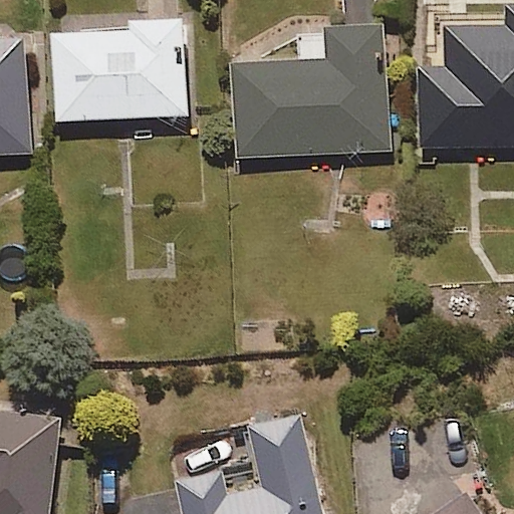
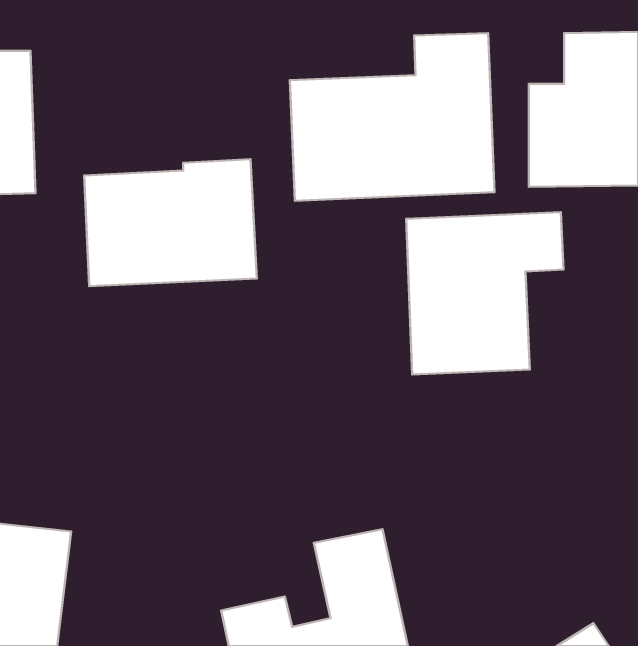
building: [52,20,189,120] -> [84,159,257,286]
building: none -> [406,212,564,375]

